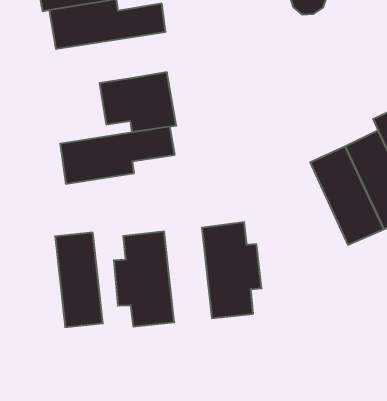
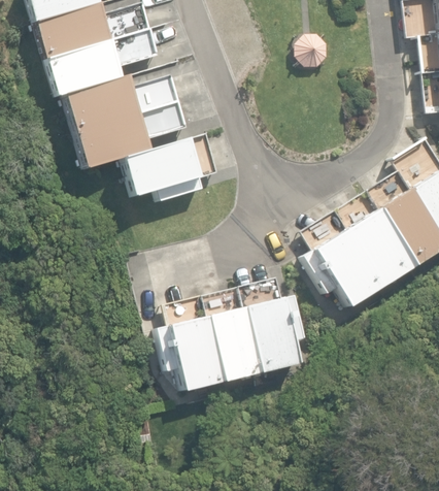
building: [60,127,175,184] -> [75,102,188,170]
building: none -> [302,211,381,308]
building: [55,233,103,327] -> [202,288,259,383]

